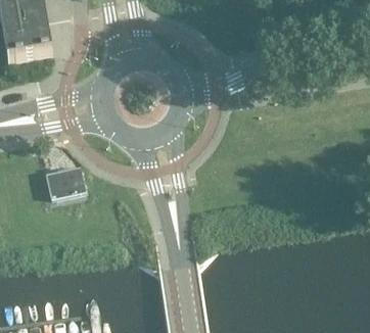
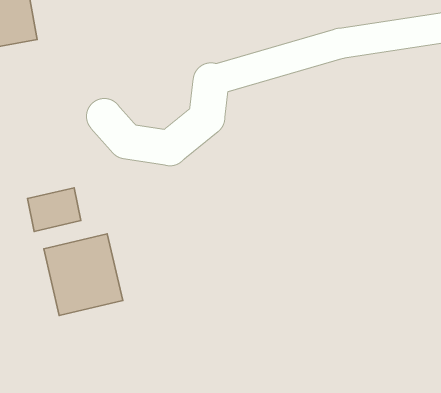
building: none -> [44,234,123,315]

